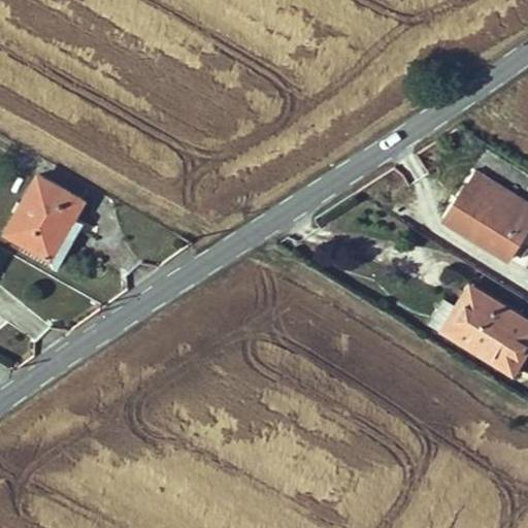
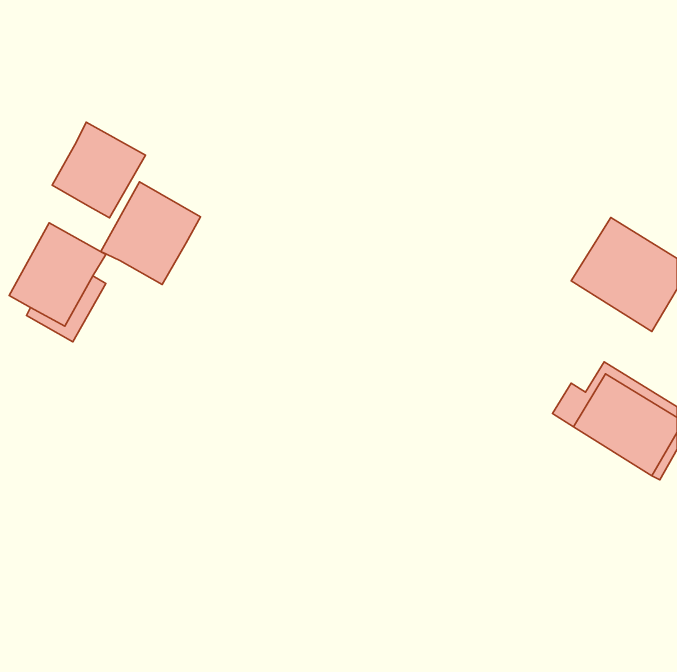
building: none -> [52,122,146,218]
building: none -> [101,182,200,285]

